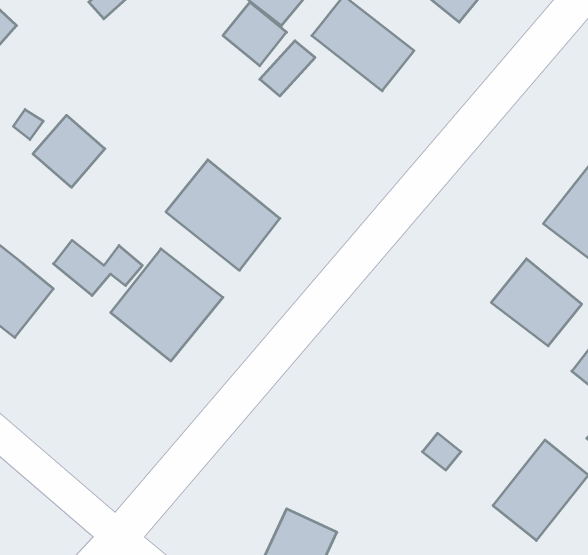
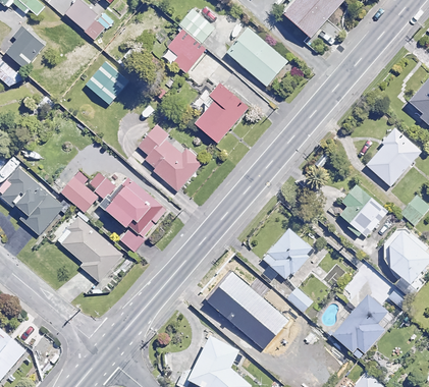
building: none -> [190,82,251,146]
building: [33,115,105,187] -> [87,60,130,104]
building: none -> [58,218,122,278]
building: none -> [259,228,309,278]
building: none -> [208,272,288,347]

